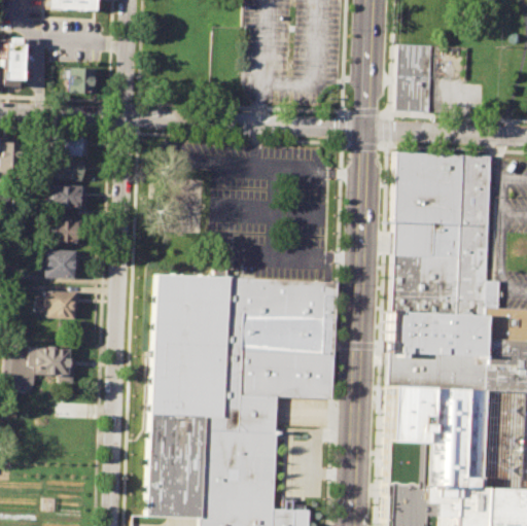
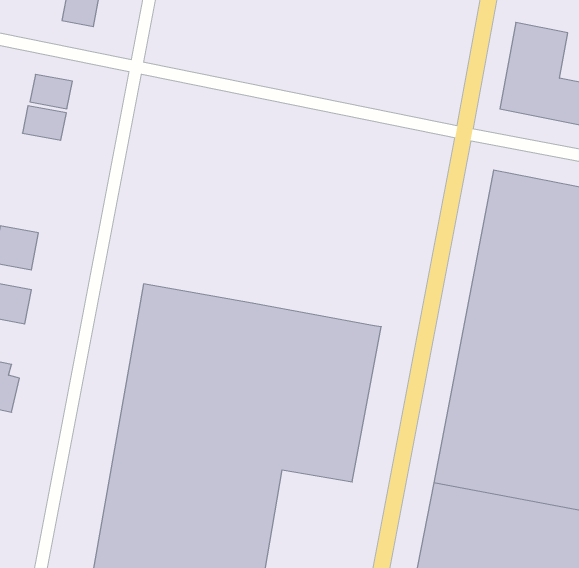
building: [48,184,80,208] -> none
building: [48,221,78,243] -> none

